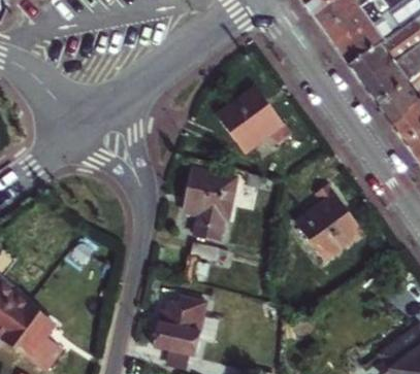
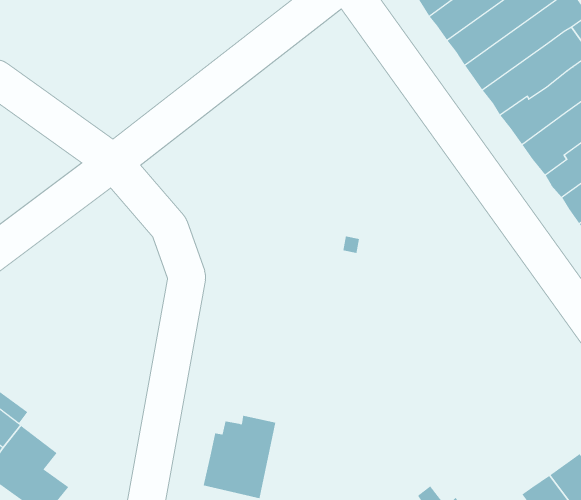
building: [217,84,290,148] -> none
building: [185,165,237,237] -> none
building: [294,180,360,258] -> none

